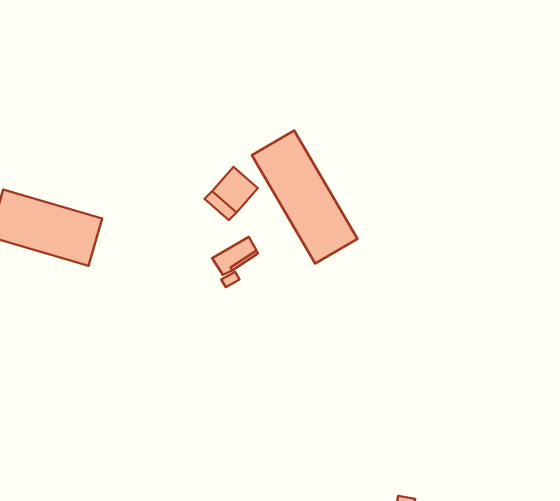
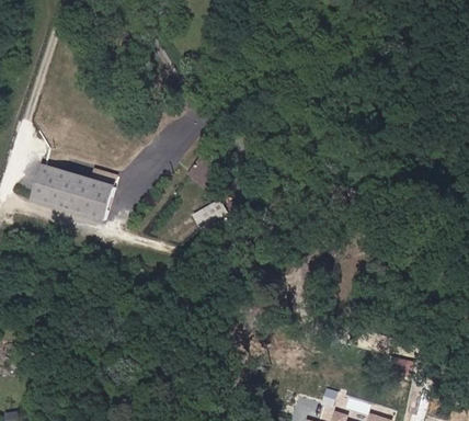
building: [252,131,357,263] -> none

